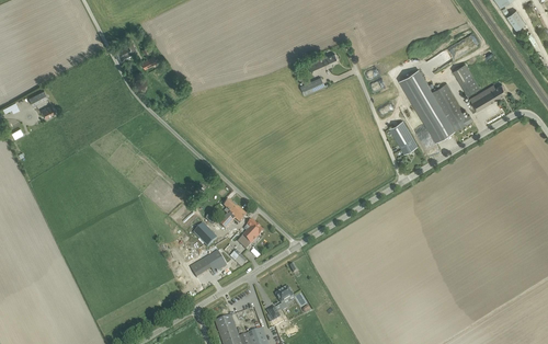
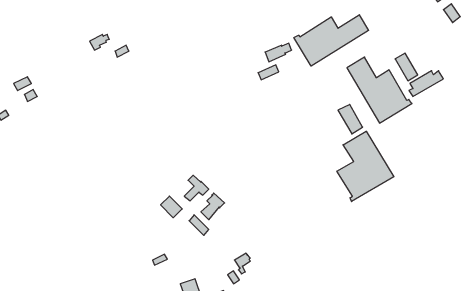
building: none -> [294,15,369,66]
building: none -> [337,131,394,202]
building: [190,250,227,277] -> none

